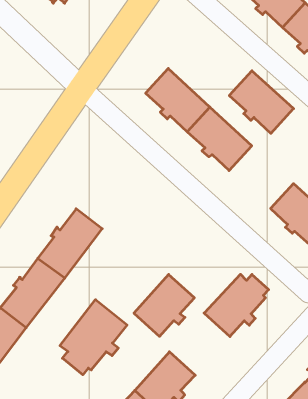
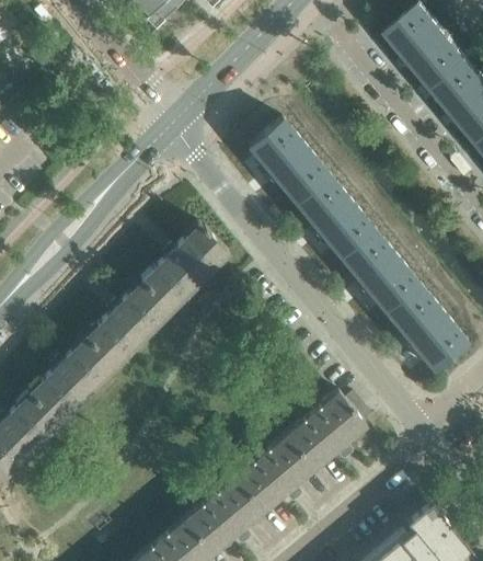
building: [229,71,294,133] -> [342,231,421,313]
building: none -> [142,224,229,310]
building: [134,274,194,336] -> [235,434,314,511]
building: [60,300,127,375] -> none

